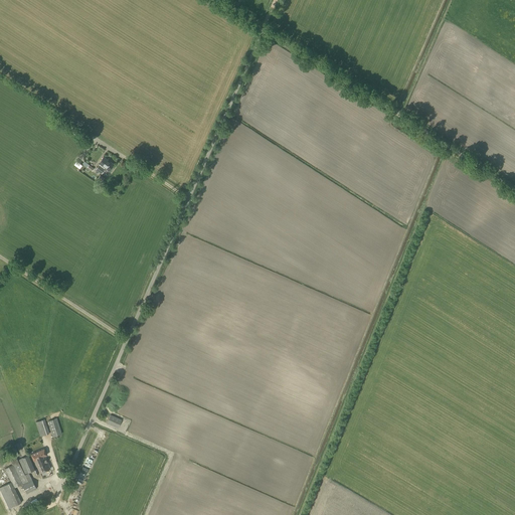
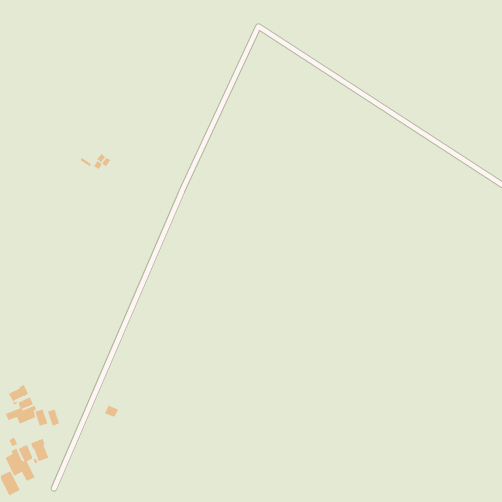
building: none -> [5,384,37,424]

